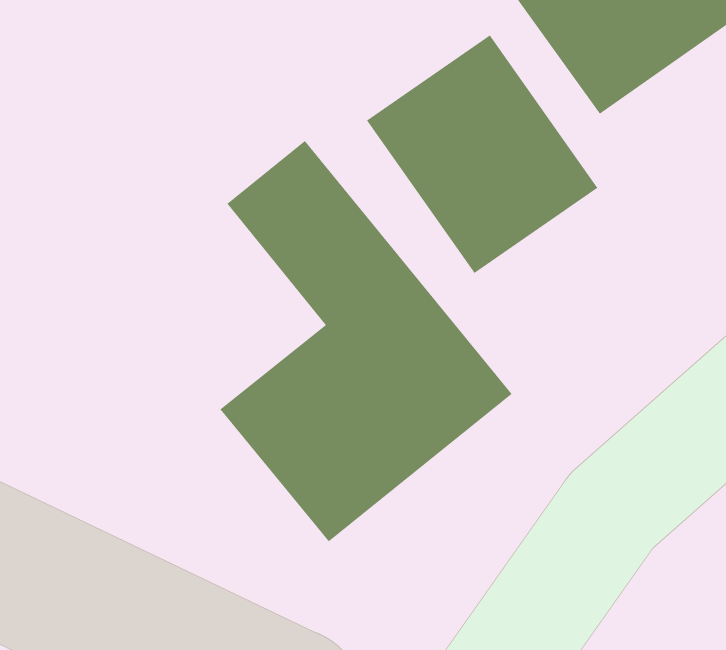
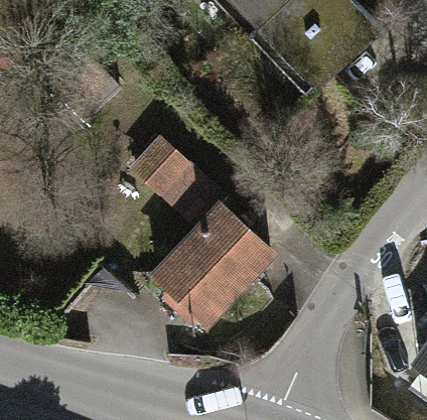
building: [366,34,598,274] -> none

